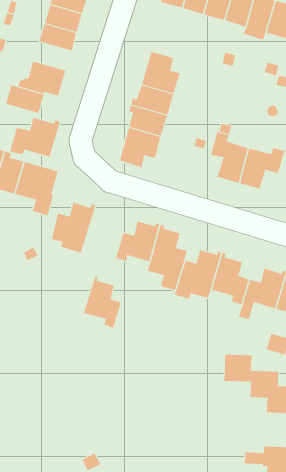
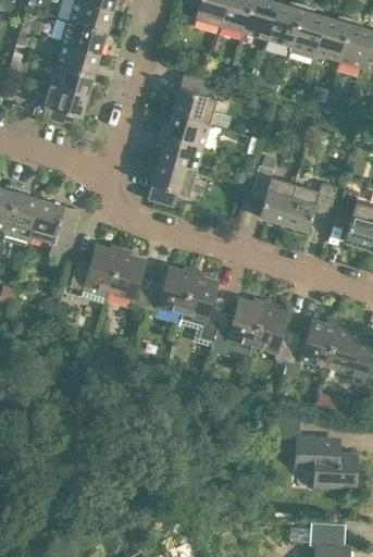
building: [5,85,44,114] -> [50,63,95,96]
building: [10,117,60,157] -> none
building: [83,276,122,329] -> [109,249,152,309]

